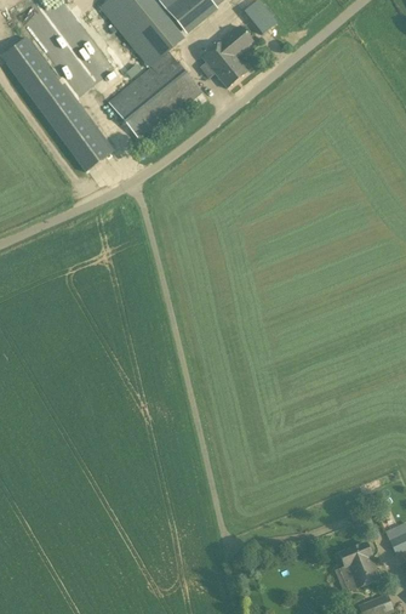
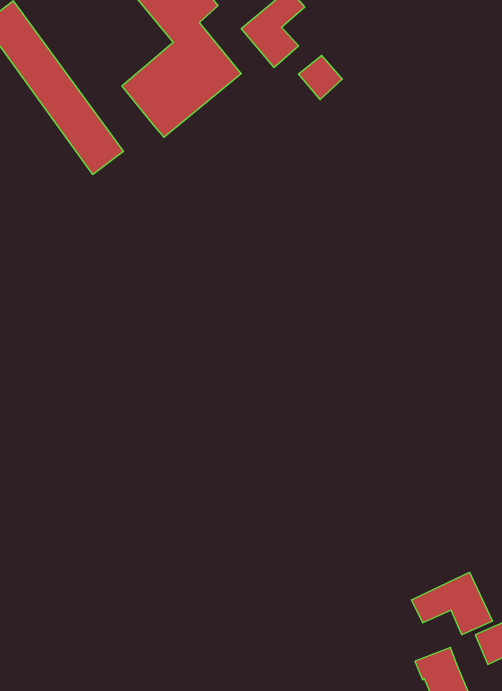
building: none -> [299,55,342,100]
building: none -> [412,572,492,635]

